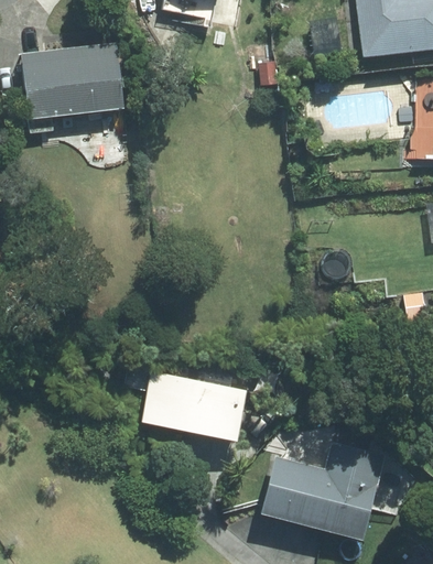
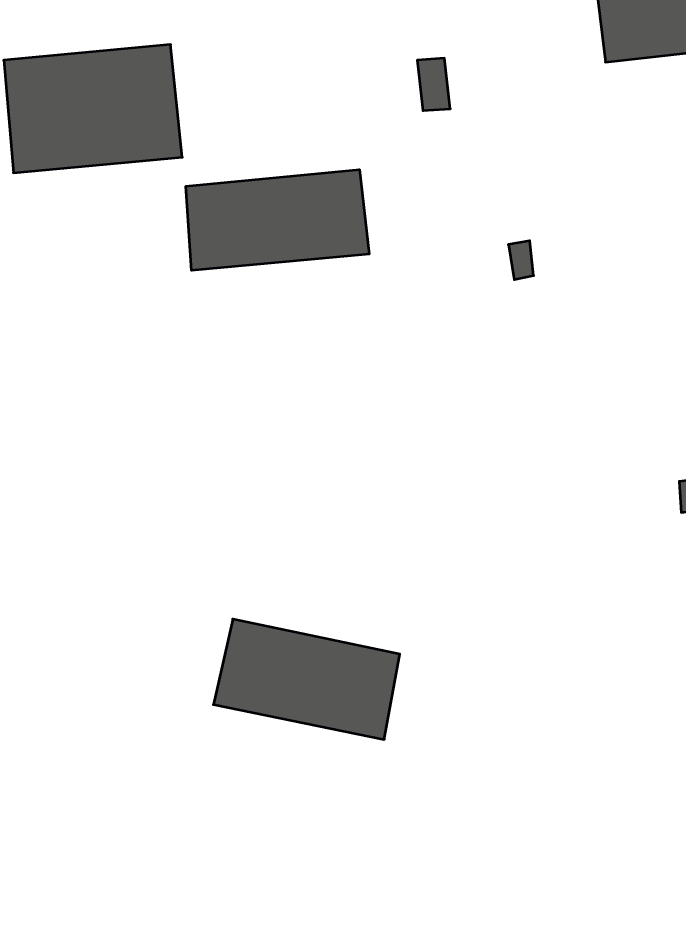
building: none -> [186,170,369,270]
building: [263,443,388,540] -> none

